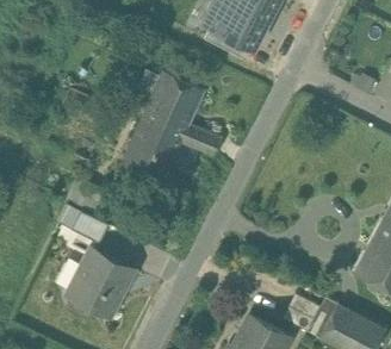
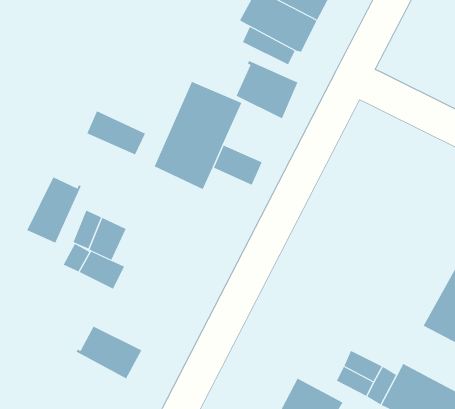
building: none -> [236,60,298,119]
building: [123,143,172,180] -> [86,110,146,155]
building: none -> [27,176,82,243]
building: [81,250,134,294] -> none

